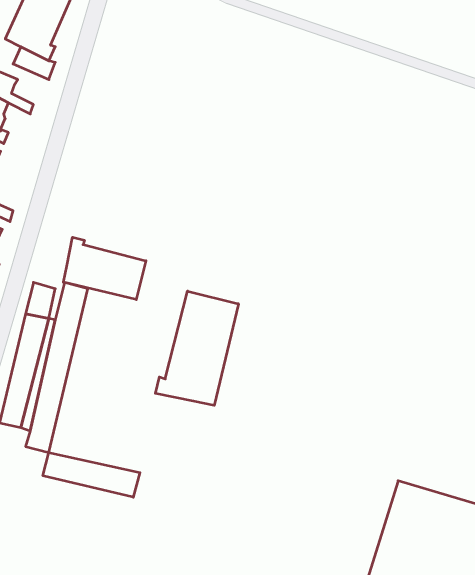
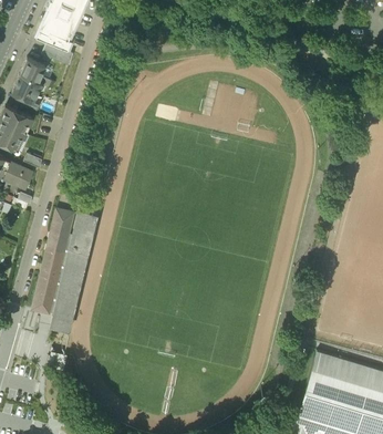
building: [63,237,146,300] -> none
building: [155,291,238,405] -> none
building: [43,453,140,497] -> none

